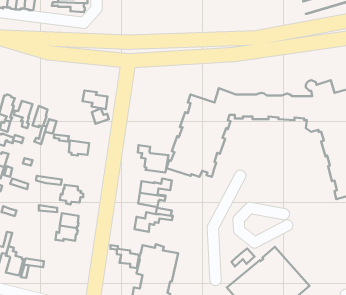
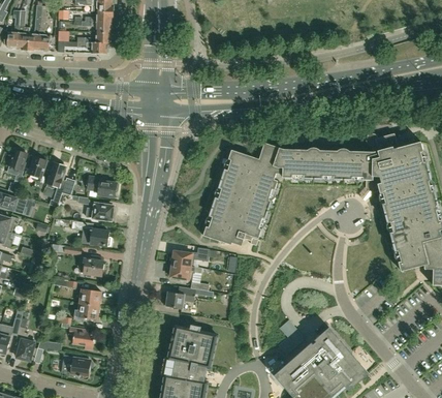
building: [83,90,107,109] -> [87,176,116,197]
building: [138,145,169,173] -> none
building: none -> [71,220,110,245]
building: [111,245,139,268] -> [61,323,94,349]
building: none -> [60,355,93,378]

